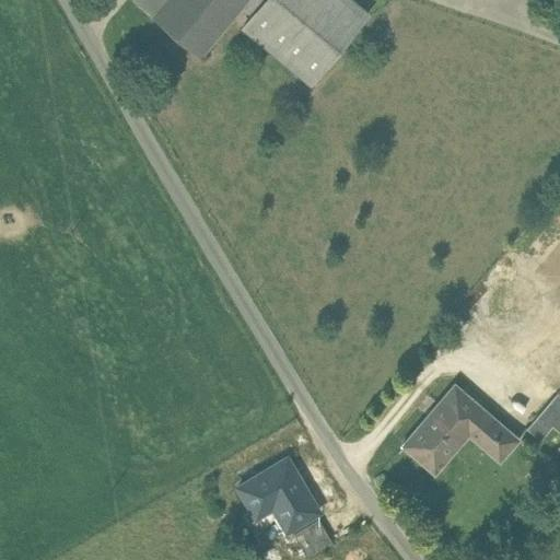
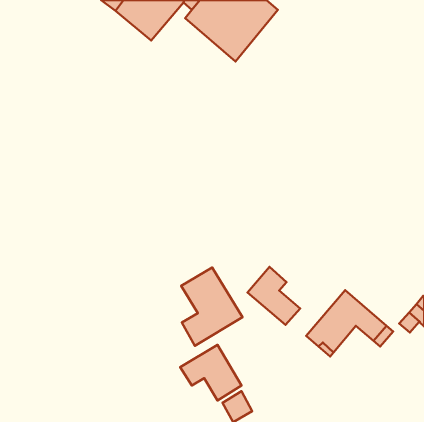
building: none -> [248,267,300,325]
building: none -> [181,268,243,346]

